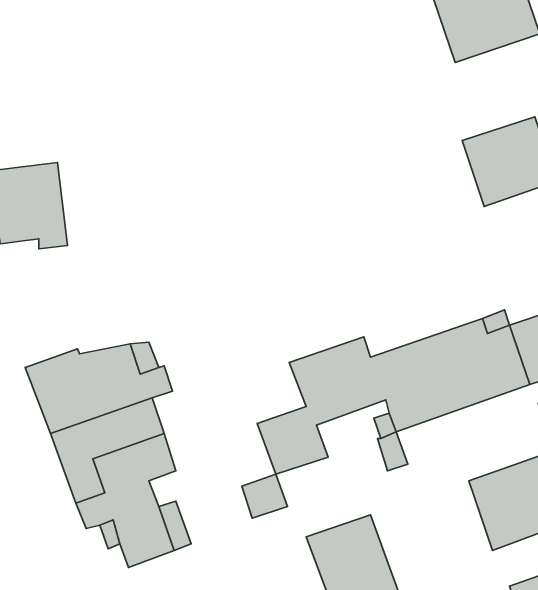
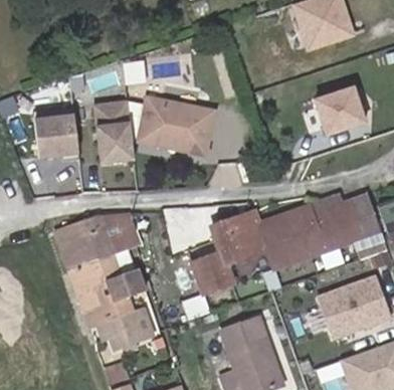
building: none -> [137,96,214,155]
building: none -> [92,101,133,163]

